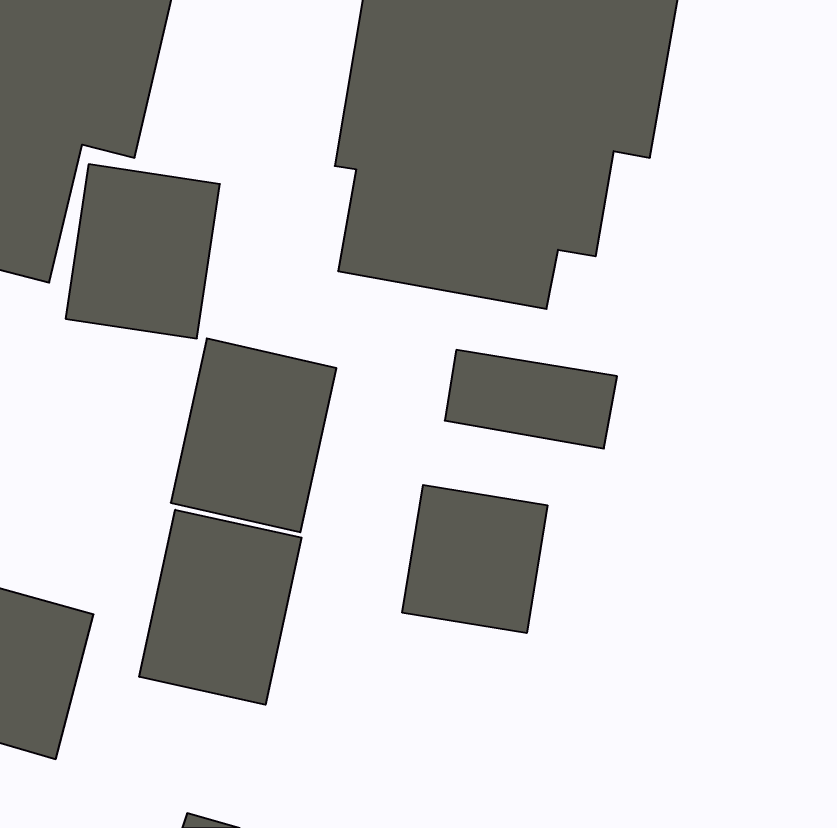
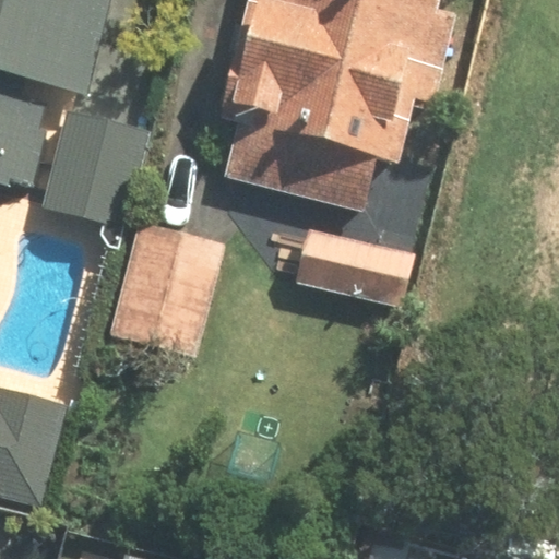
building: [402,485,547,633] -> none
building: [139,510,302,705] -> none

